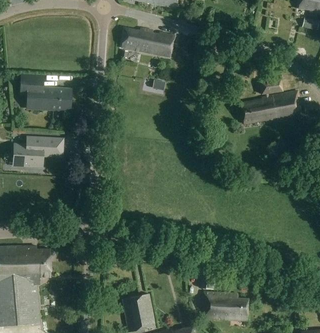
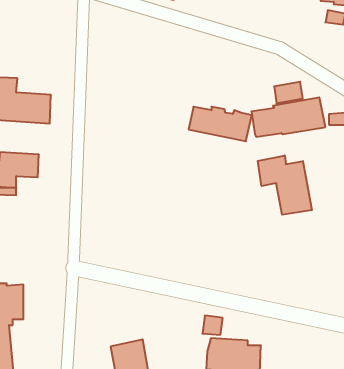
building: [122,27,175,56] -> [189,107,252,141]
building: none -> [258,155,312,215]

